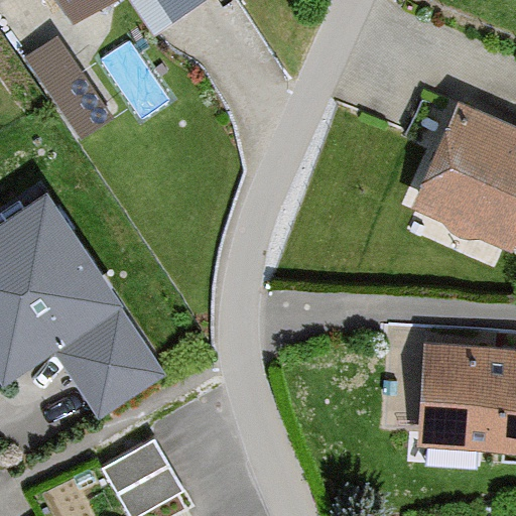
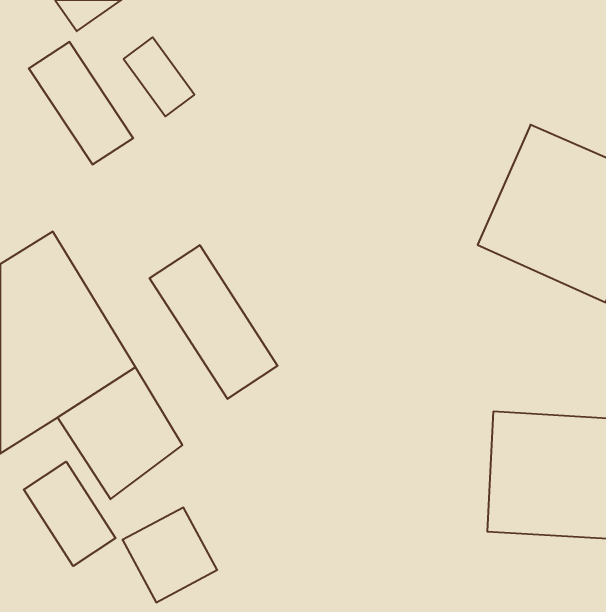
building: none -> [150,245,278,399]
building: none -> [24,462,116,566]

